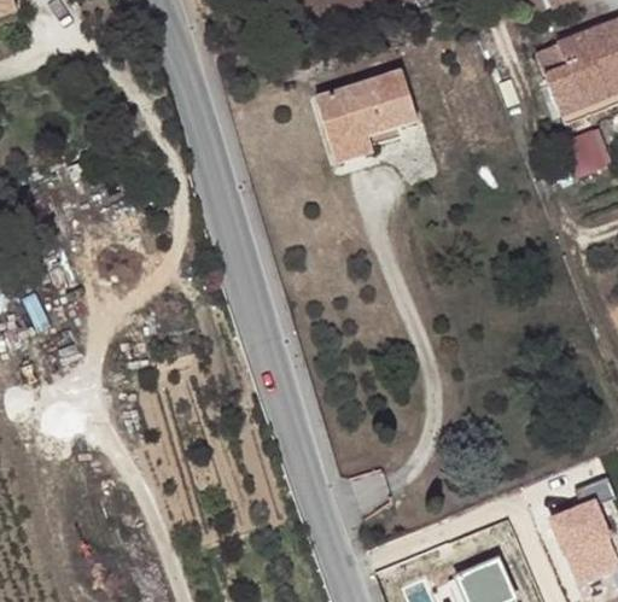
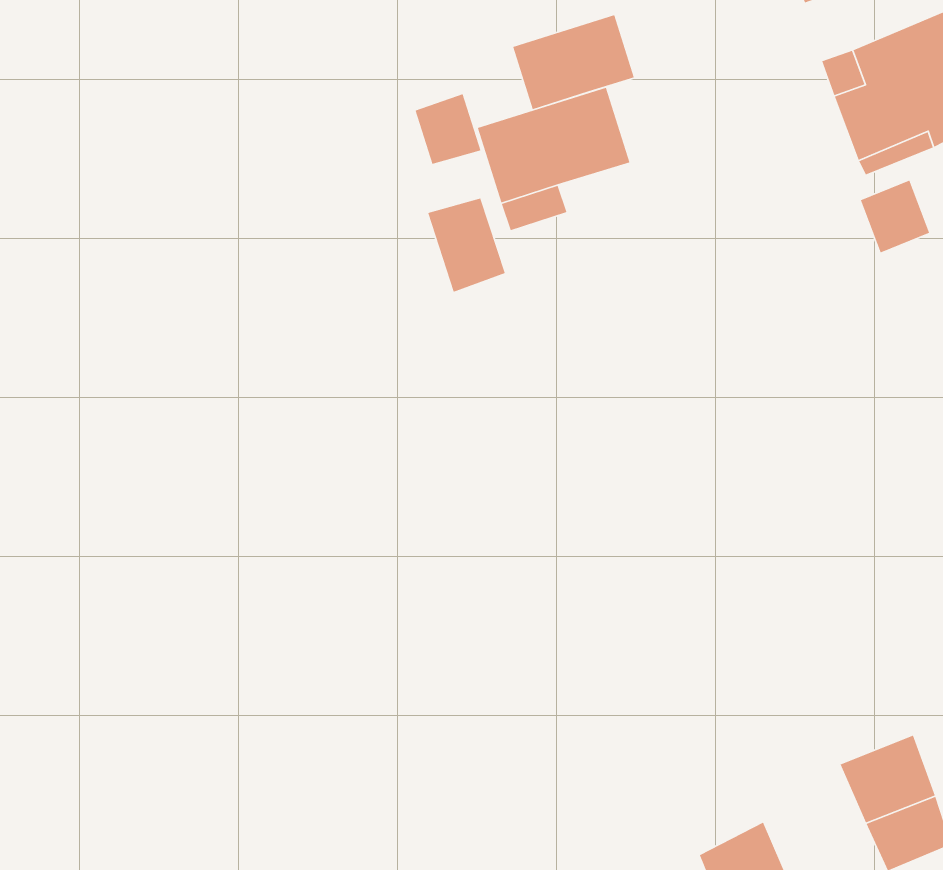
building: none -> [512,14,635,110]
building: none -> [414,93,481,165]
building: none -> [427,197,506,293]

